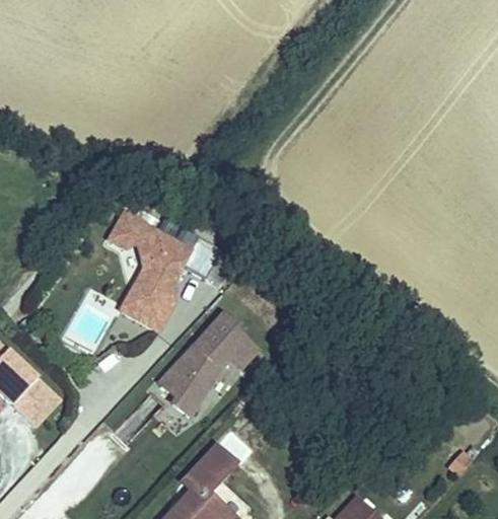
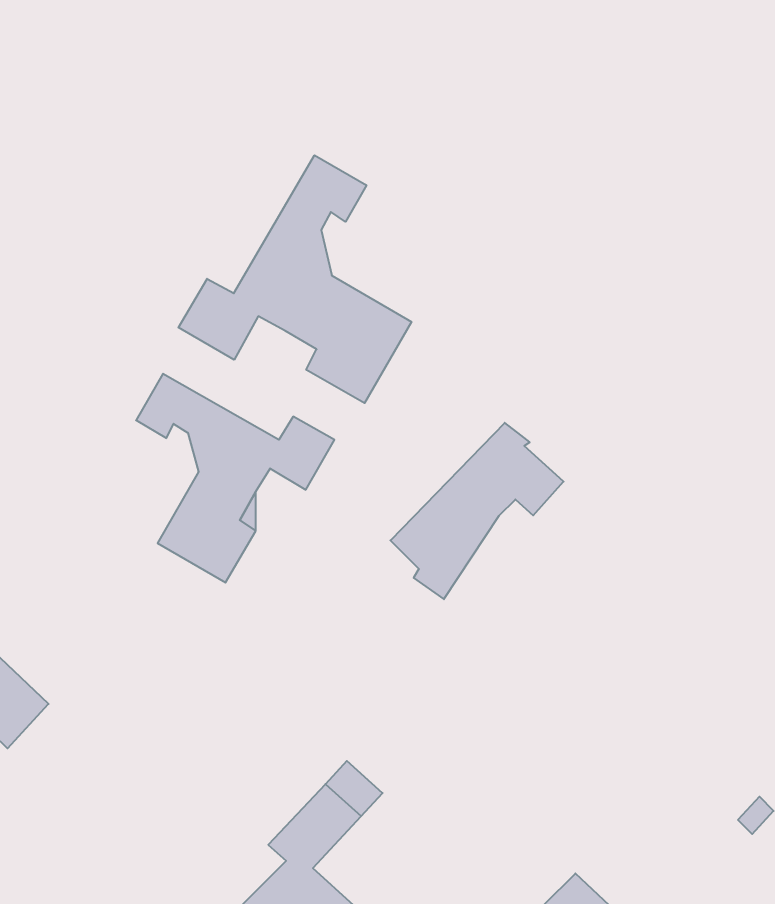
building: none -> [178,155,411,403]
building: [158,315,257,416] -> [390,423,564,599]

